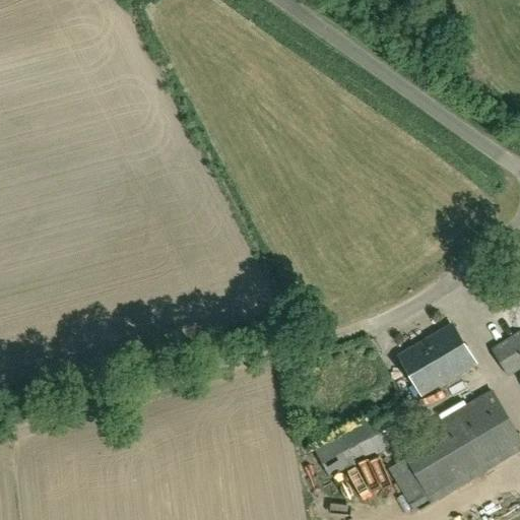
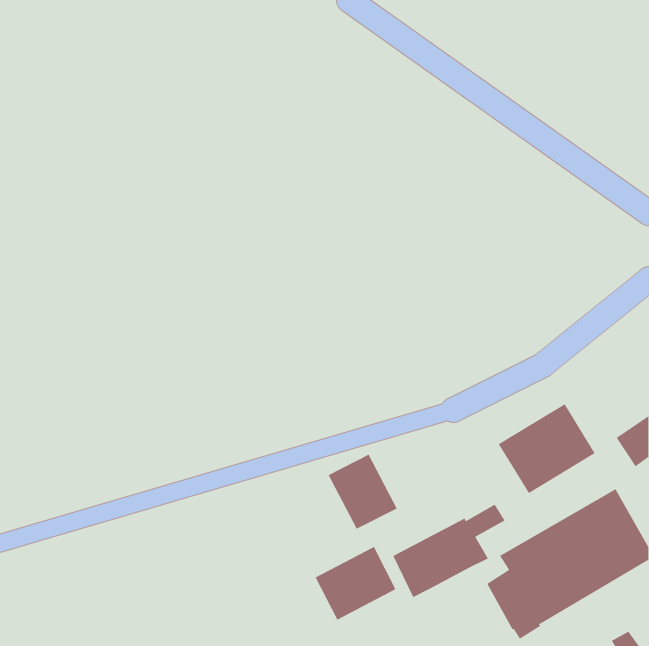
building: none -> [328,454,397,530]
building: none -> [315,546,396,620]

